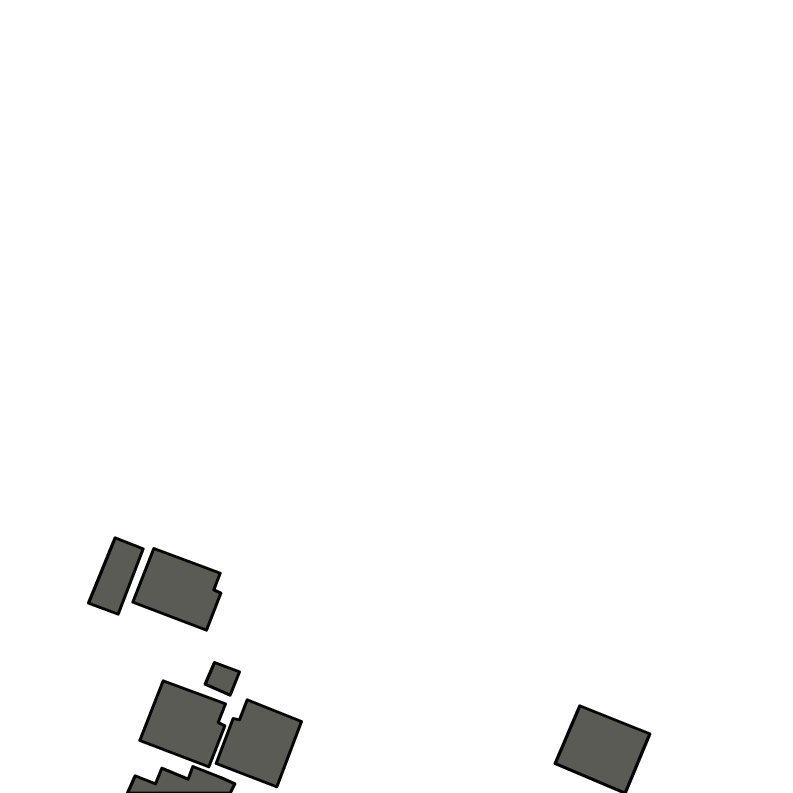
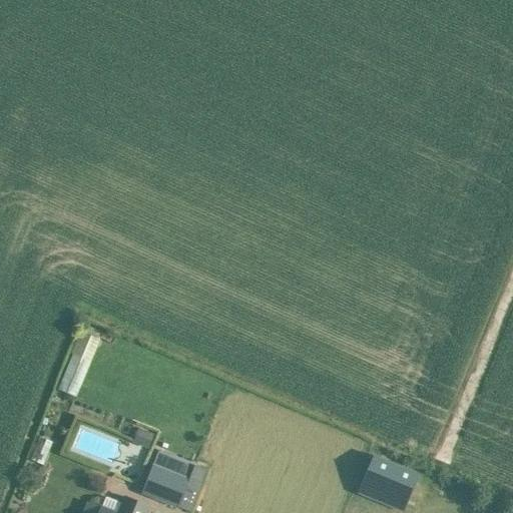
building: [133,548,221,630] -> none
building: [140,681,225,767] -> none

